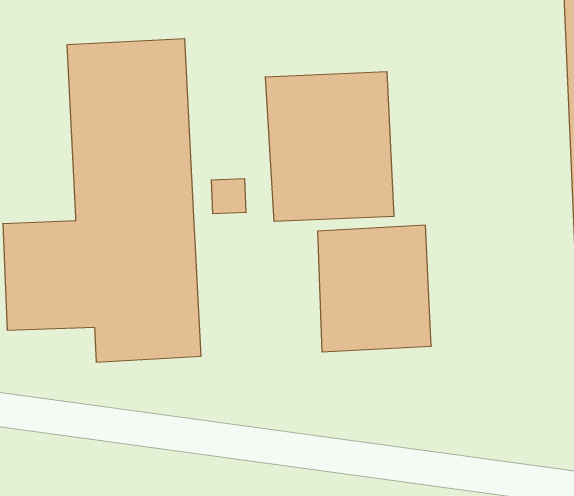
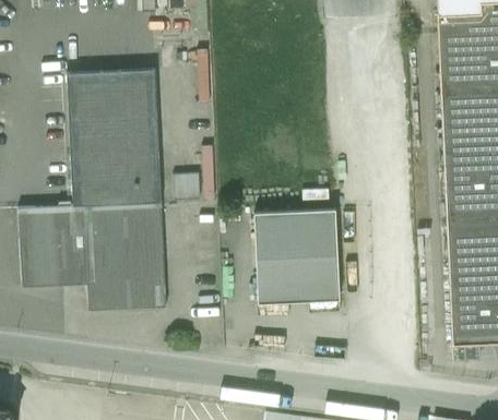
building: [266,72,394,221] -> none

